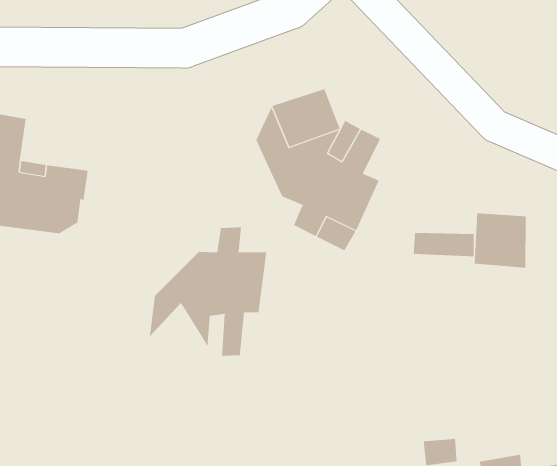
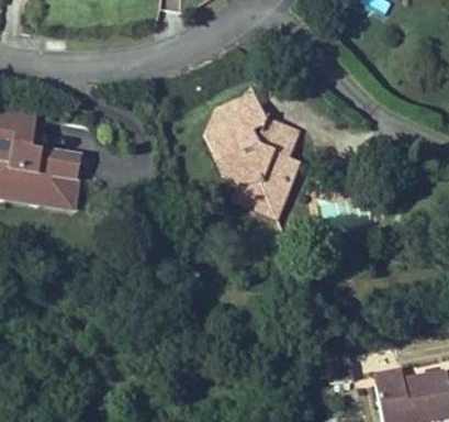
building: [474,212,526,268] -> none
building: [149,227,267,357] -> none

